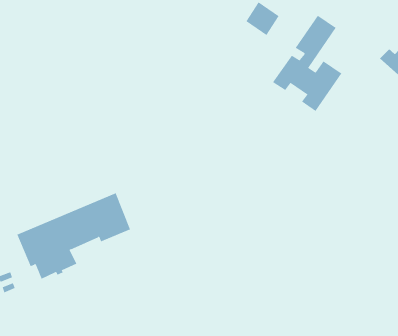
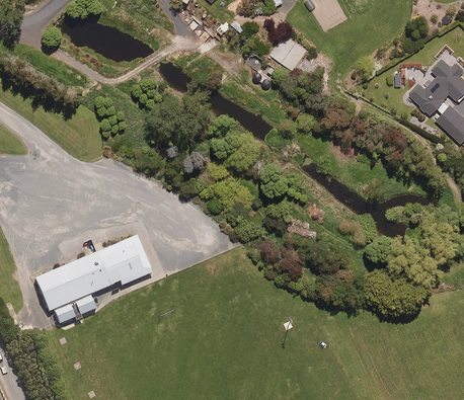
building: [272,15,342,112] -> none

